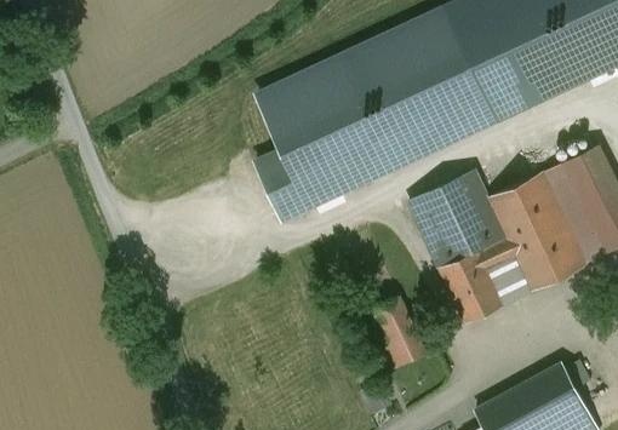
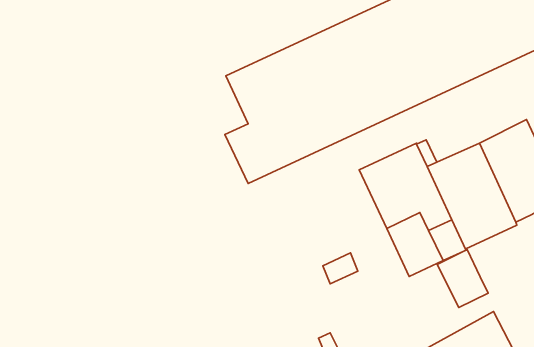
building: none -> [437,249,488,307]
building: [376,317,425,369] -> none

